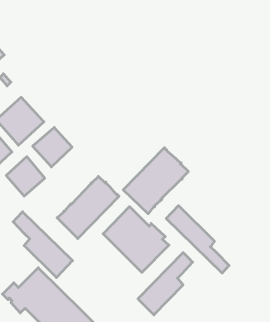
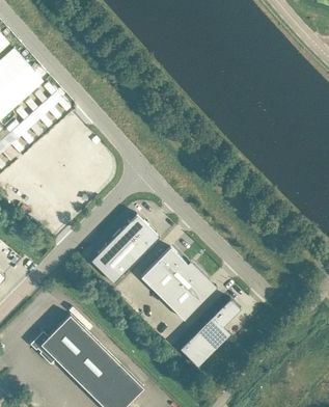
building: [123,148,188,214] -> none
building: [166,206,229,273] -> none
building: [13,212,73,278] -> none

